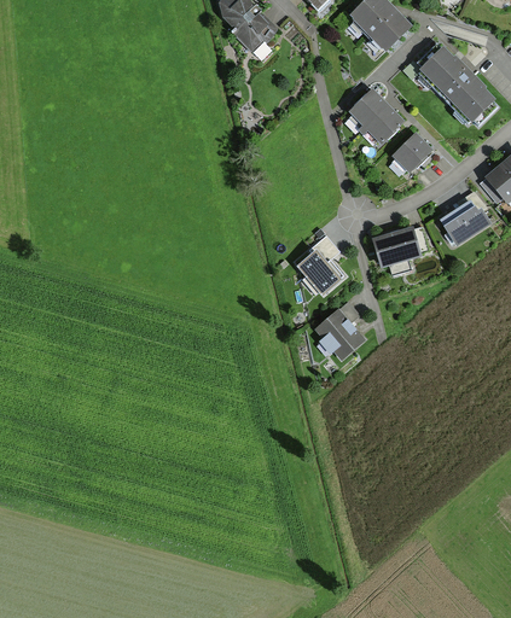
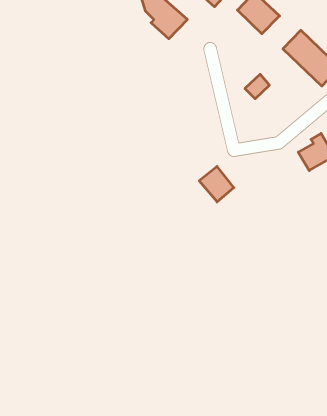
building: [349,93,384,128] -> none
building: [390,134,430,173] -> none
building: [372,227,422,268] -> none
building: [314,301,364,360] -> none

